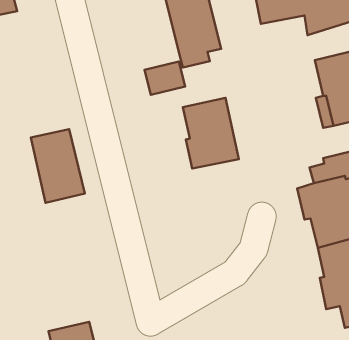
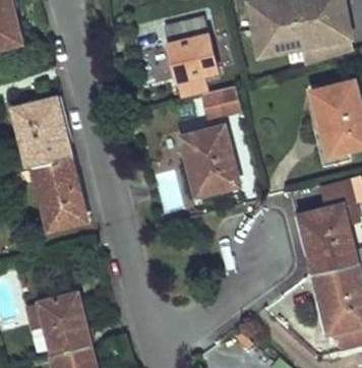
building: [144,61,185,95] -> [201,86,241,119]
building: none -> [13,97,71,167]
building: none -> [38,292,90,354]

